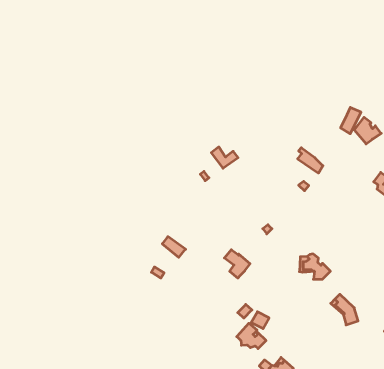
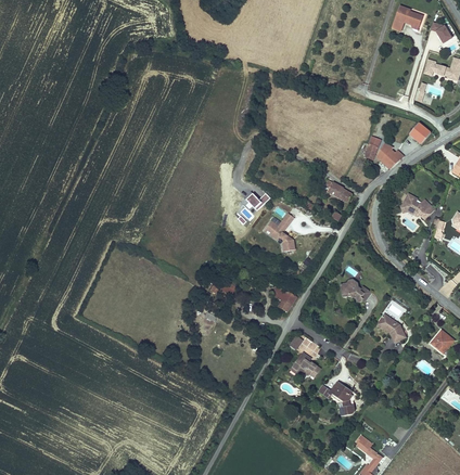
building: none -> [264,211,295,251]

